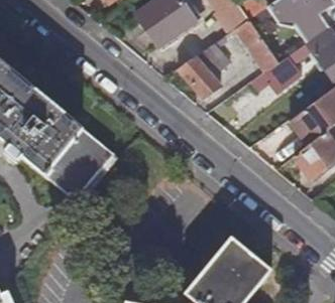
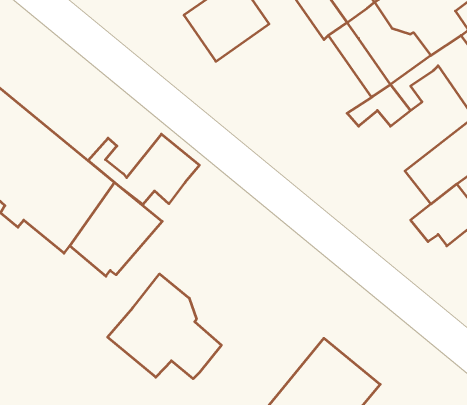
building: [178,41,228,98] -> none
building: none -> [88,134,199,205]
building: none -> [108,274,221,379]

